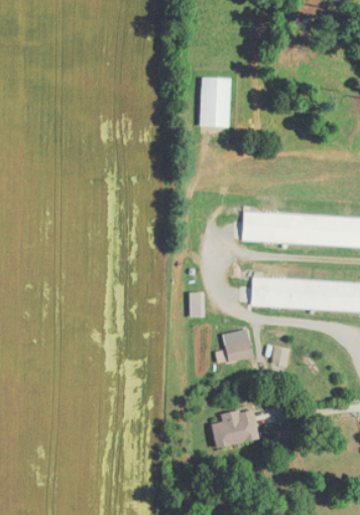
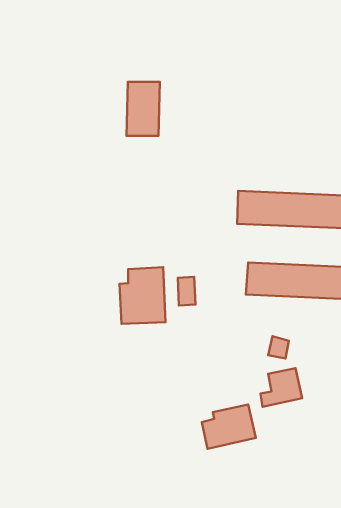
building: [199,76,229,125] -> [127,82,160,136]
building: none -> [119,267,165,324]
building: [215,328,253,363] -> [260,368,302,407]

